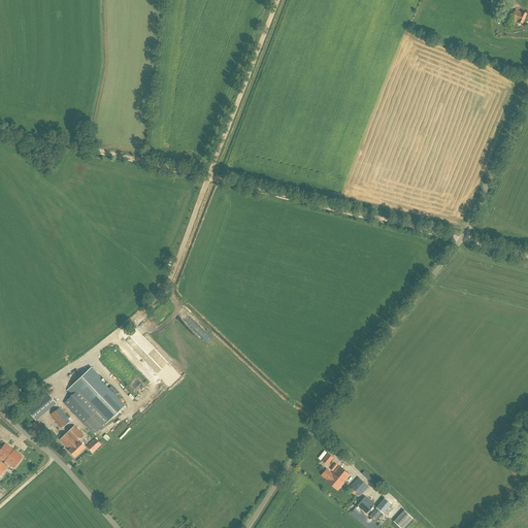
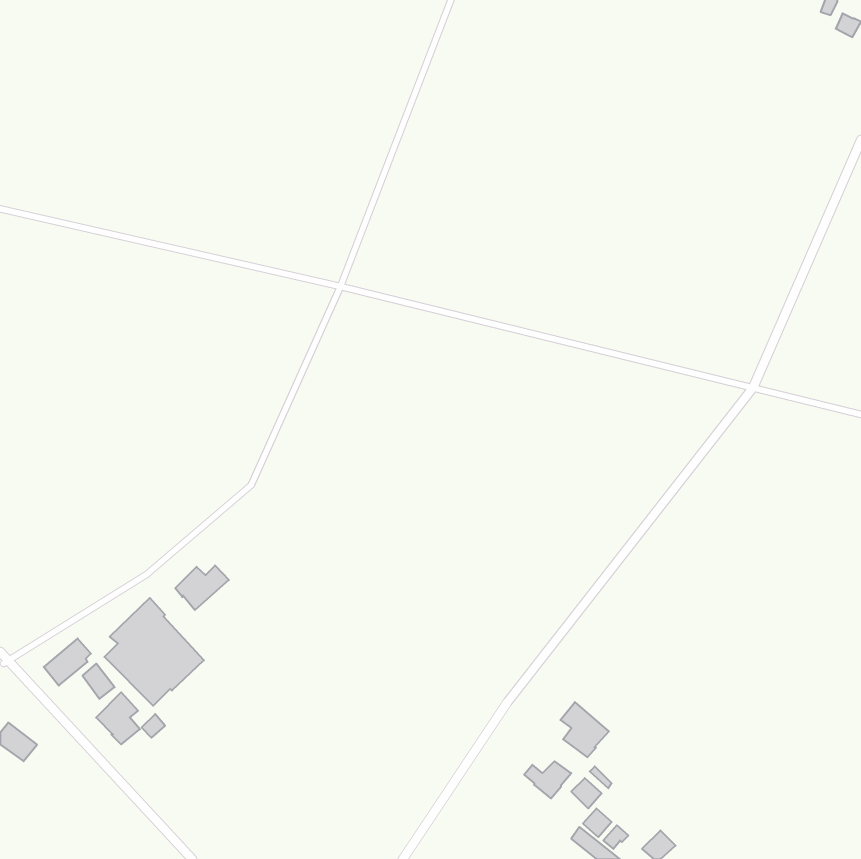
building: none -> [175,565,229,610]
building: none -> [560,702,609,757]

